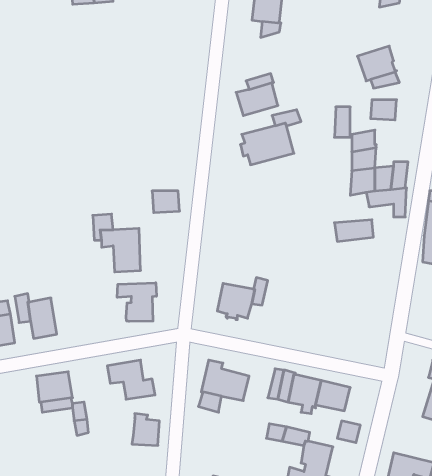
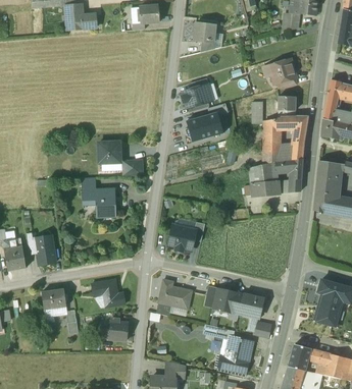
building: none -> [281,116,308,141]
building: none -> [99,142,120,163]
building: none -> [249,162,279,183]
building: [117,283,156,321] -> none

